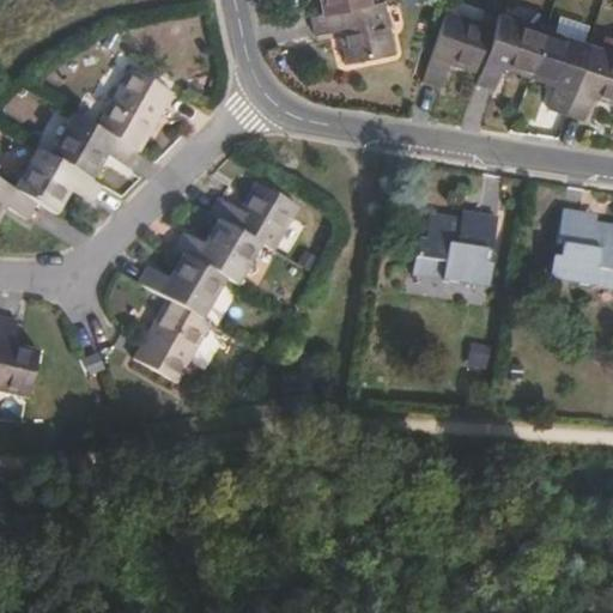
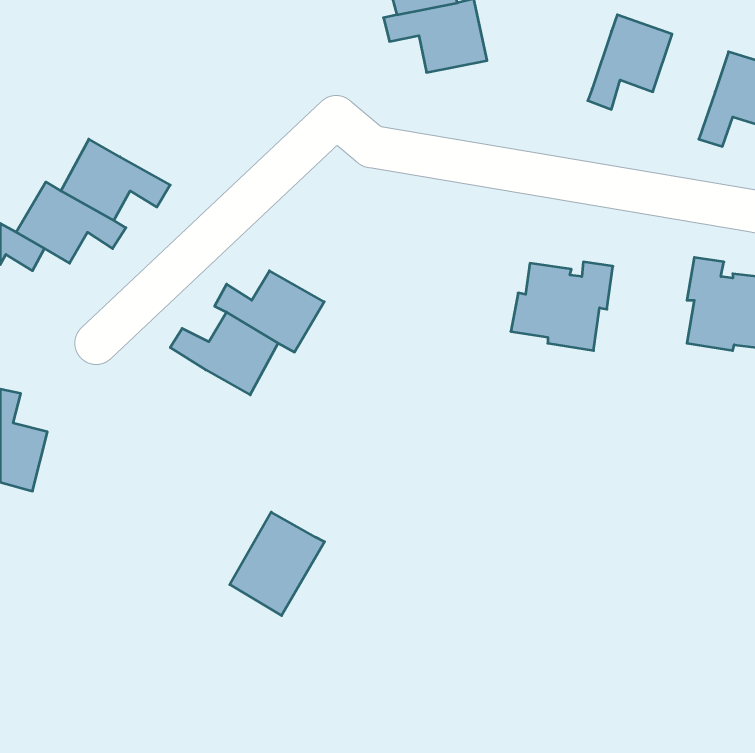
building: [424,8,496,85] -> none
building: [529,28,590,113] -> none
building: [98,66,174,151] -> none
building: [210,181,299,250] -> none
building: [134,299,211,383] -> [230,512,325,616]

